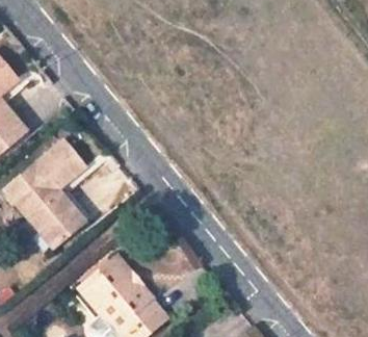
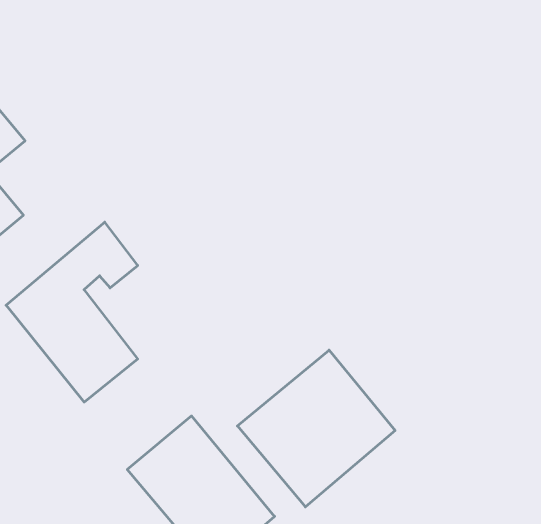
building: none -> [237,350,395,507]

